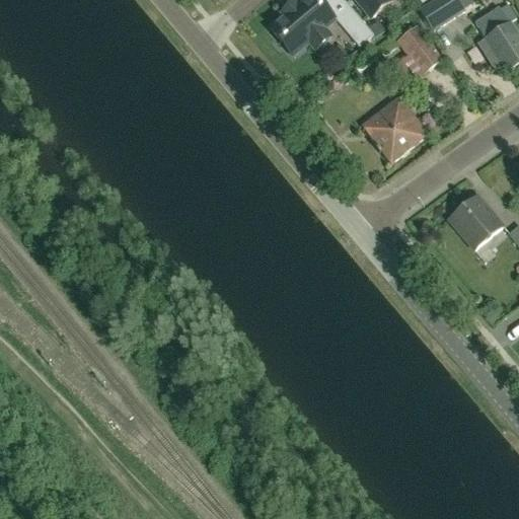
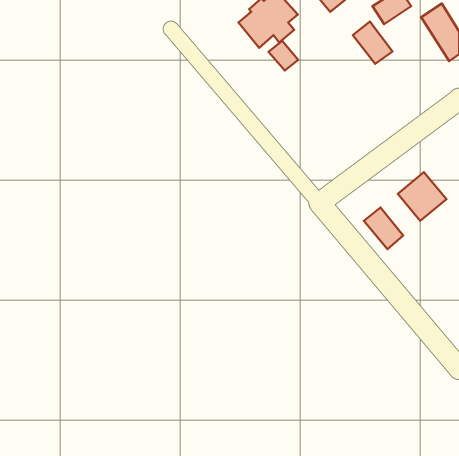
building: [340,11,373,45] -> [269,41,298,71]
building: [361,94,428,162] -> none
building: none -> [364,207,403,249]

